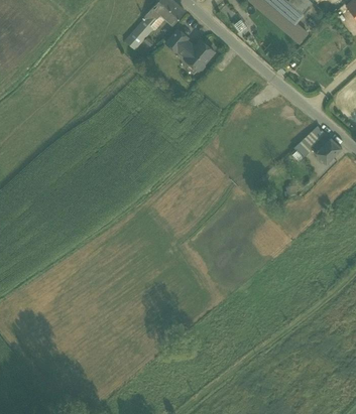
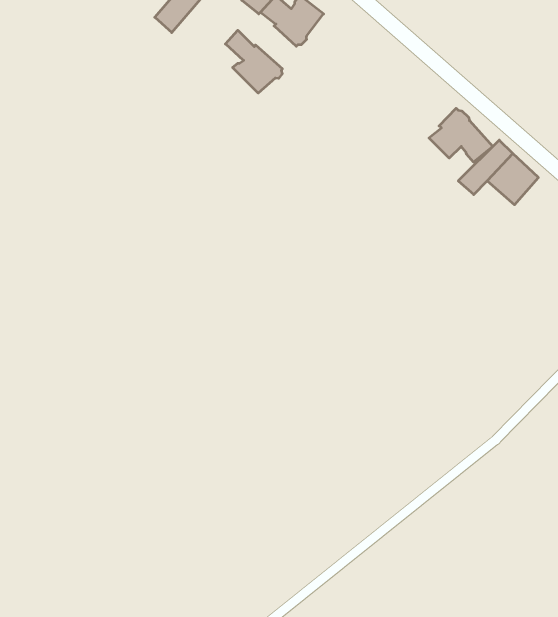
building: none -> [225,30,282,93]
building: none -> [429,108,493,162]

